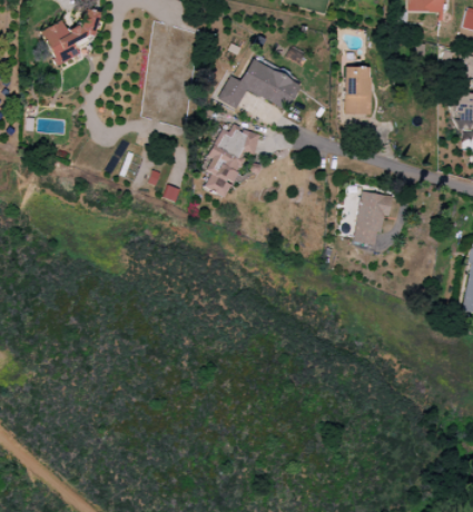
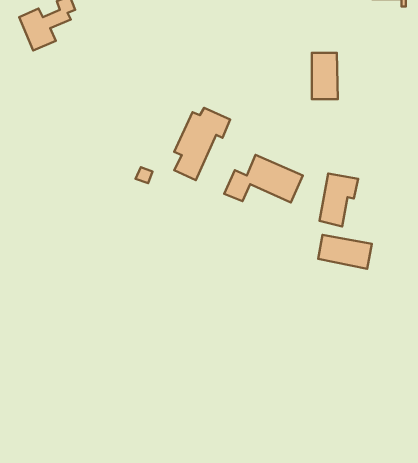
building: [218,60,299,109] -> [224,155,303,202]
building: none -> [318,235,372,269]

